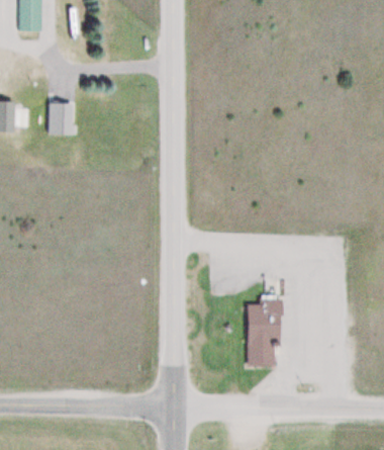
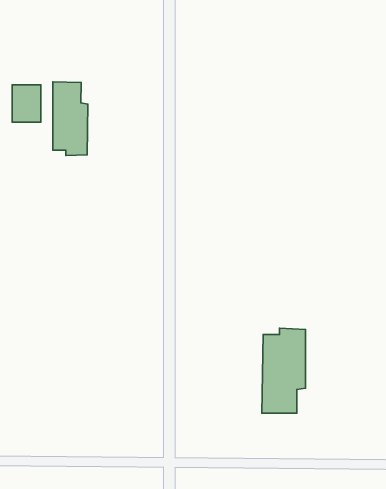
building: none -> [53,82,88,156]

